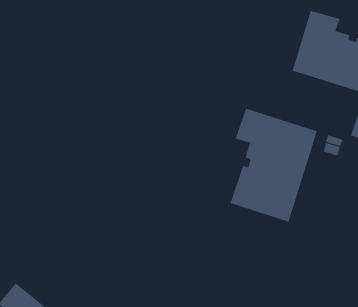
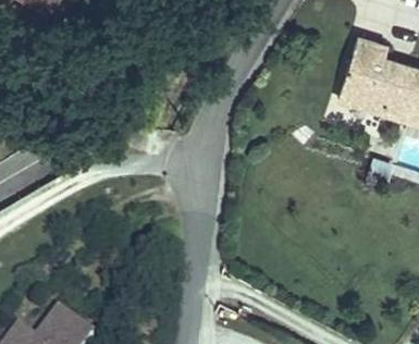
building: [230,108,318,222] -> none

